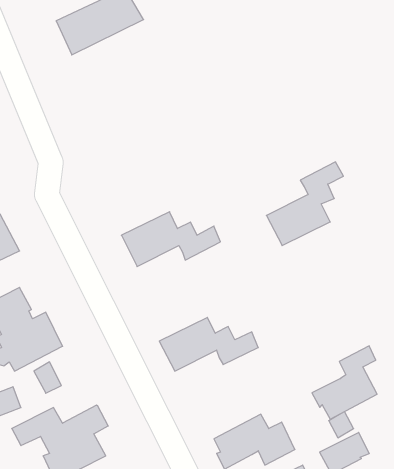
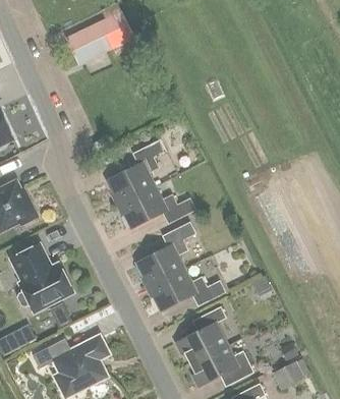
building: none -> [106,139,166,205]
building: [266,162,343,246] -> [135,222,195,287]
building: [312,346,377,419] -> [176,306,227,363]

